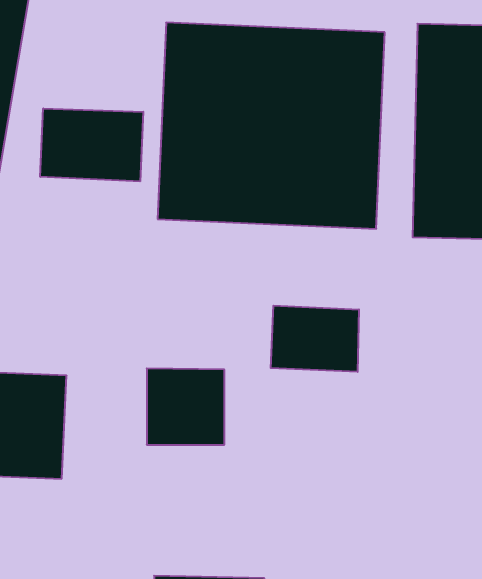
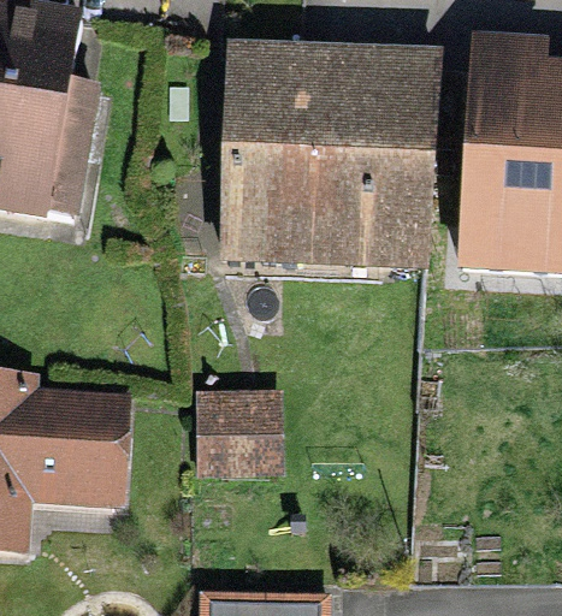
building: [40,108,143,181] -> none
building: [271,306,359,372] -> none

